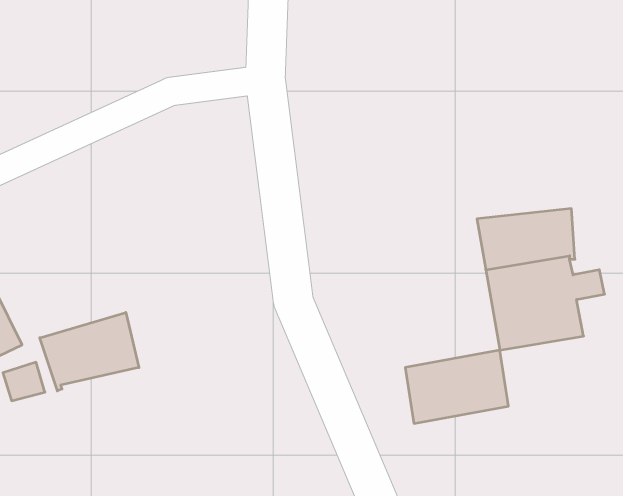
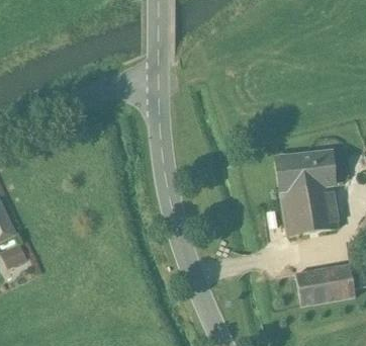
building: [40,312,139,391] -> none
building: [405,350,508,423] -> [295,263,355,306]

